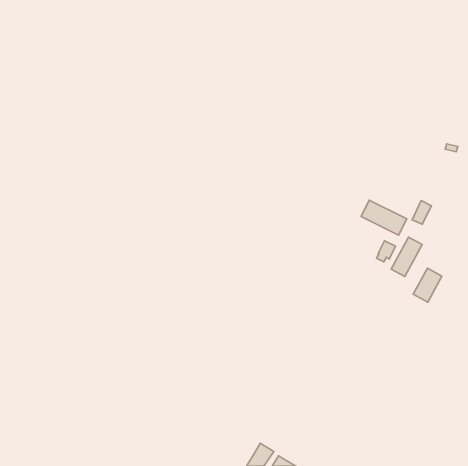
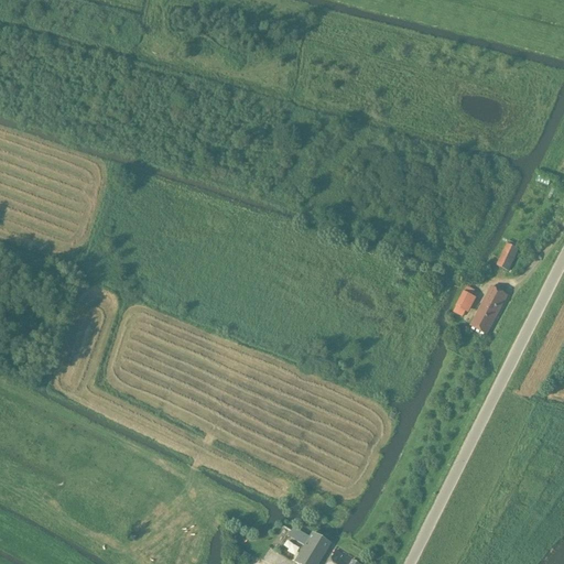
building: [361,200,407,235] -> none
building: [413,268,442,302] -> none

